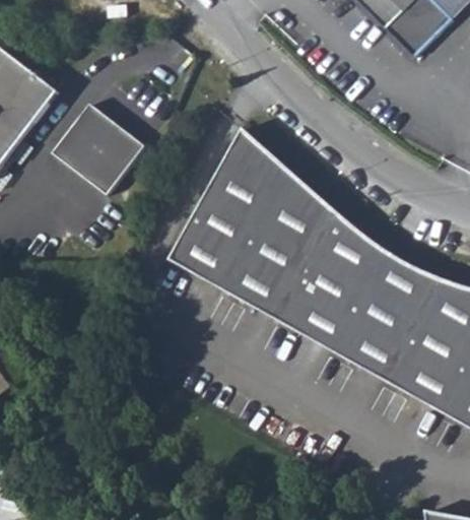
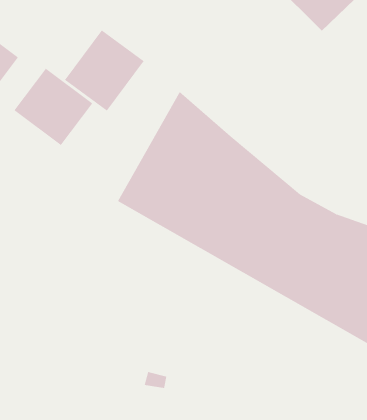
building: none -> [64,30,145,112]

